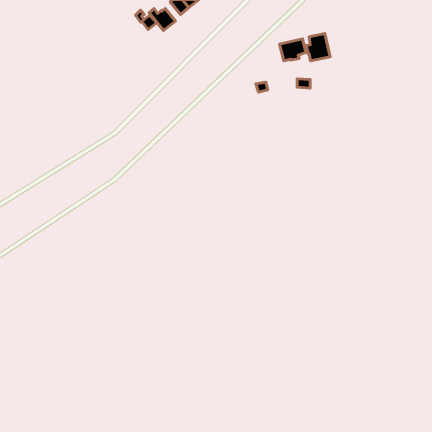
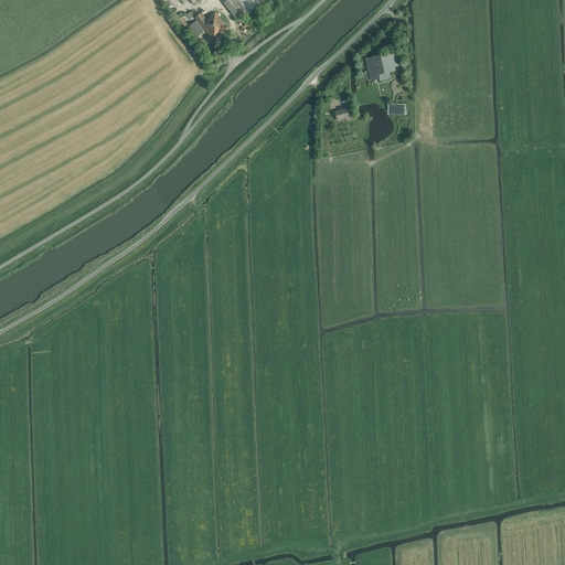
building: [306,34,330,61] -> none

